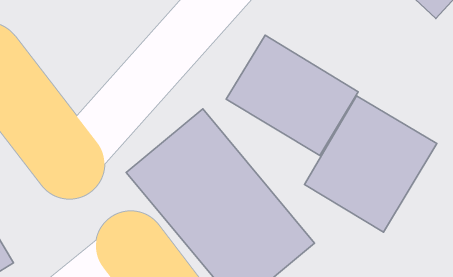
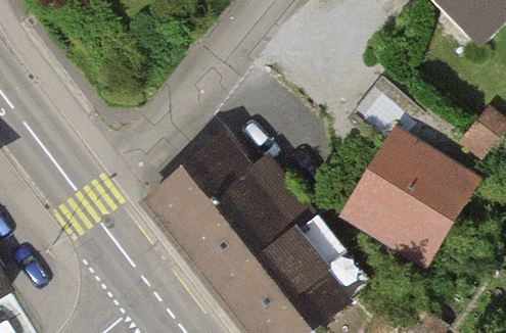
building: [226,35,358,155] -> none

